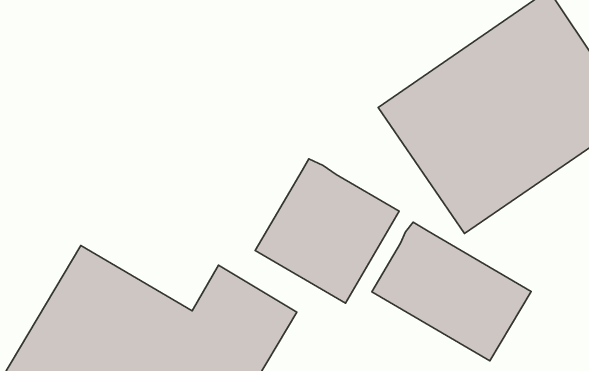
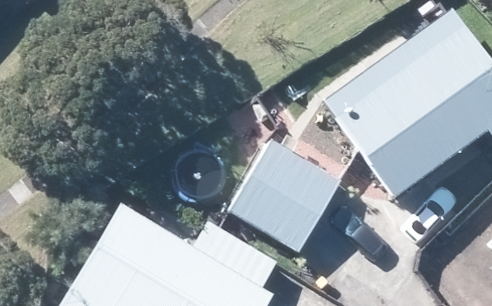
building: [372,222,531,361] -> none

